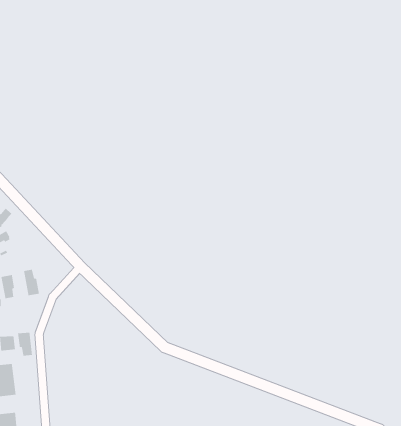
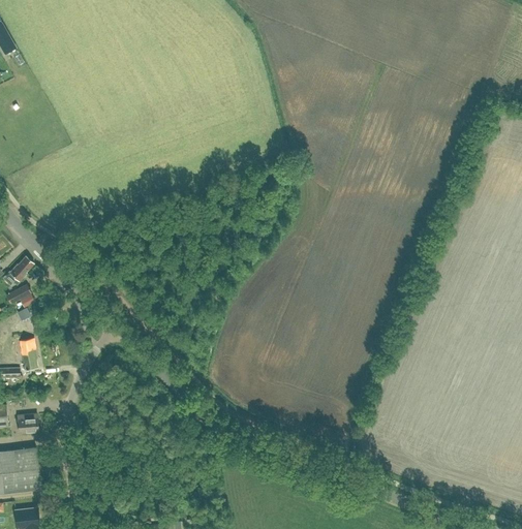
building: [23,269,40,296] -> none
building: [17,332,33,357] -> none

